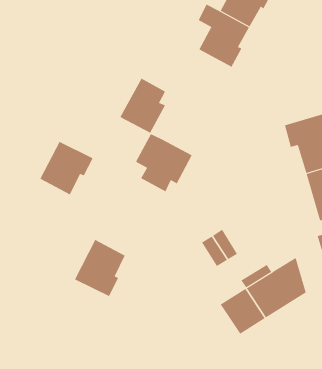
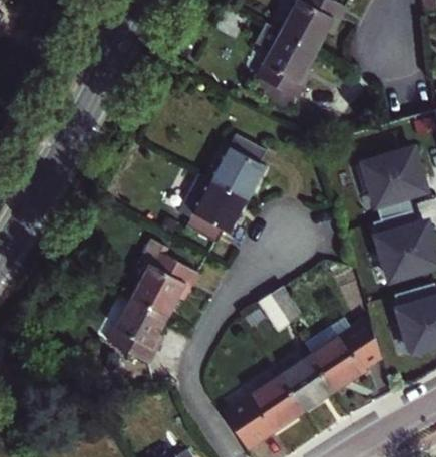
building: [120,78,166,134] -> [212,134,267,199]
building: [39,141,93,195] -> [134,254,197,317]
building: none -> [226,374,304,444]

